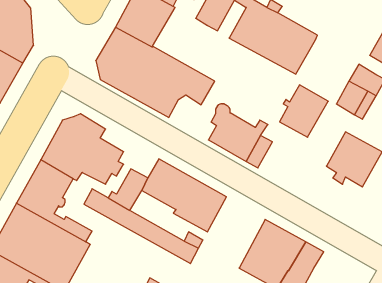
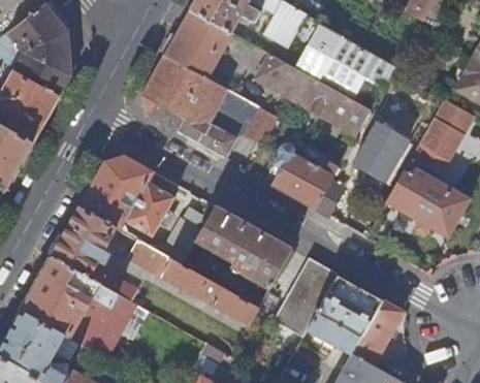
building: none -> [256,54,371,134]
building: none -> [384,167,427,215]
building: none -> [275,260,335,337]

